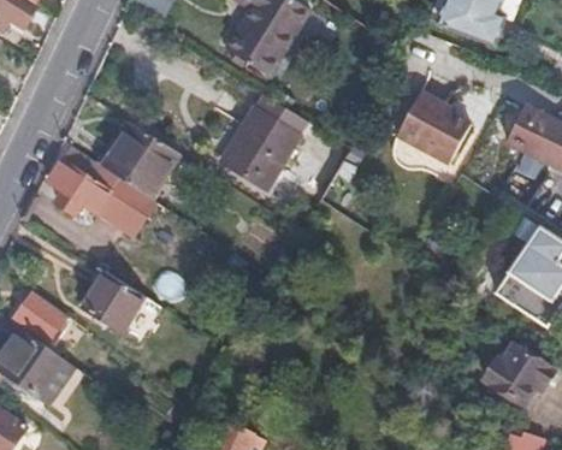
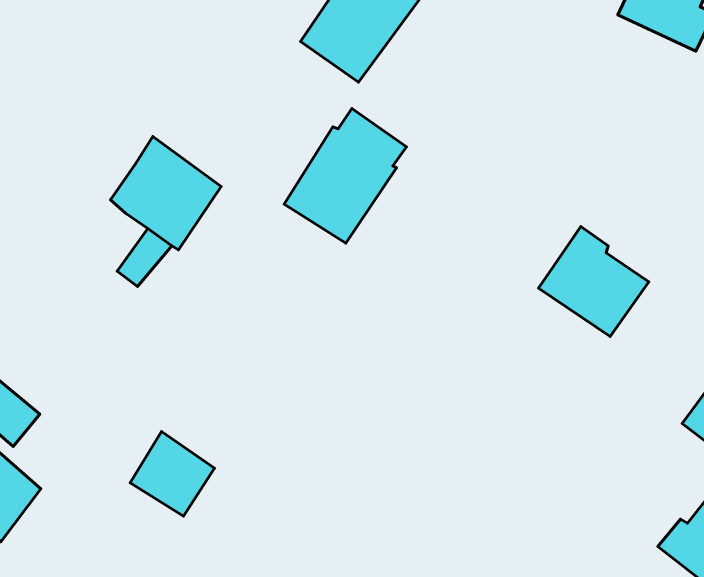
building: [395,91,469,165] -> [538,227,649,337]
building: [48,146,114,213] -> none
building: [84,271,141,327] -> [130,431,215,516]

